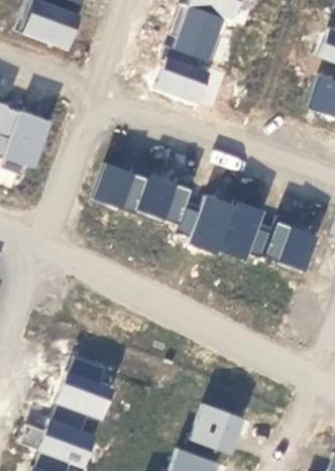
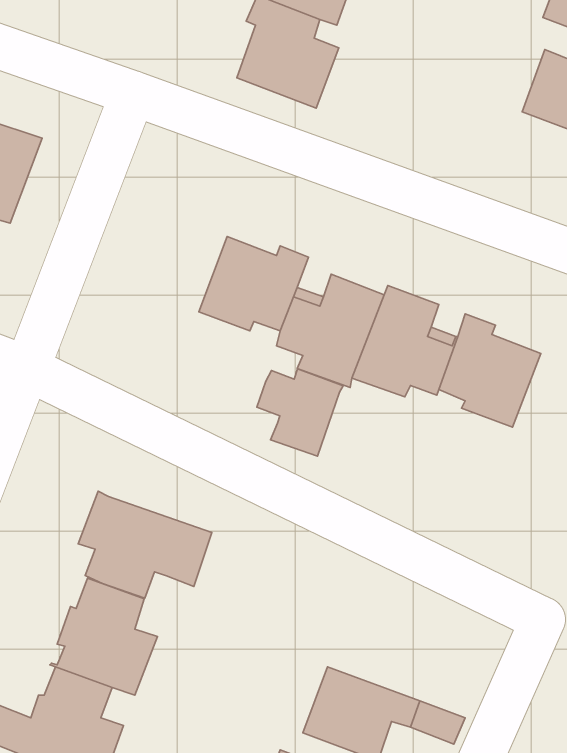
building: [90,161,149,213] -> none
building: none -> [257,369,343,456]
building: none -> [78,491,212,598]

